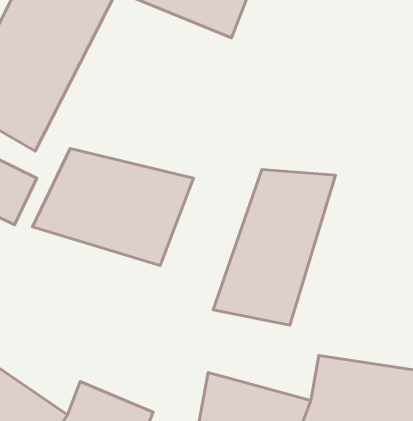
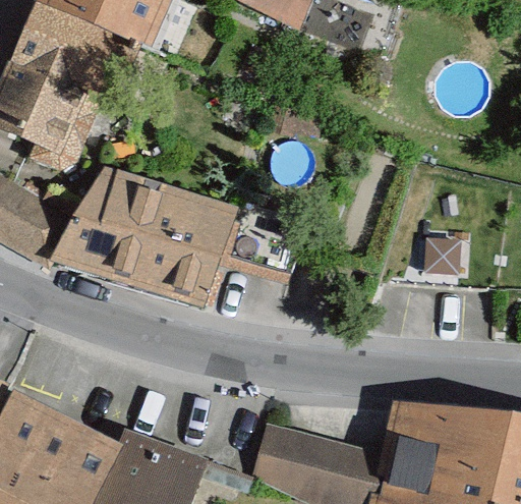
building: [213,169,335,325] -> none

